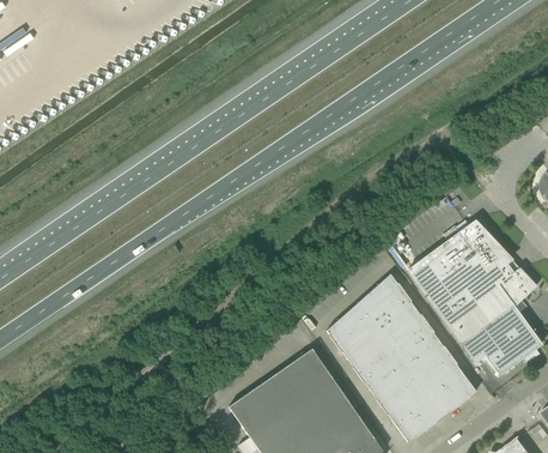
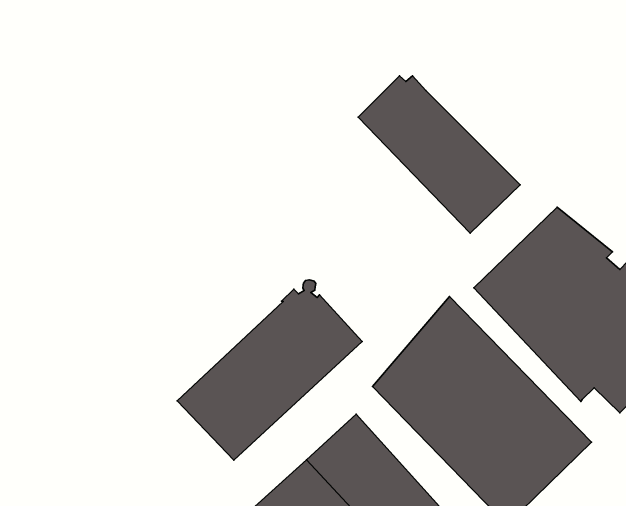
building: none -> [358,76,520,233]
building: none -> [177,280,362,460]

